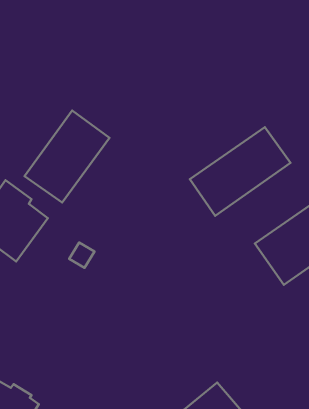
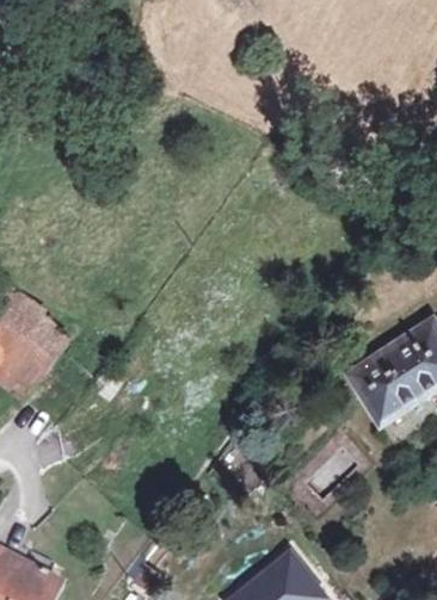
building: [25,110,110,203] -> none
building: [190,127,291,216] -> none

